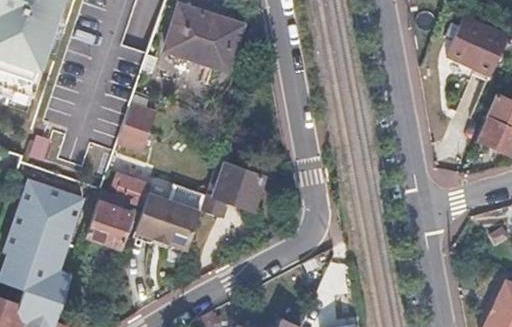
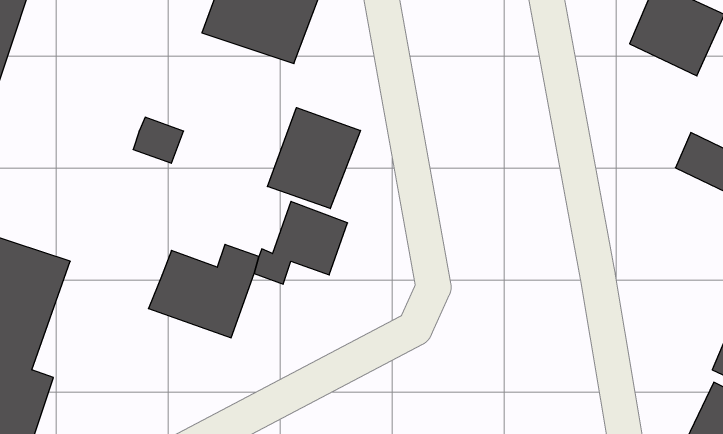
building: none -> [267,108,360,209]
building: [86,171,151,245] -> none

